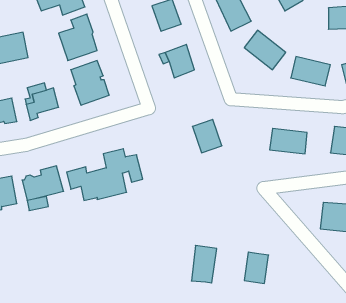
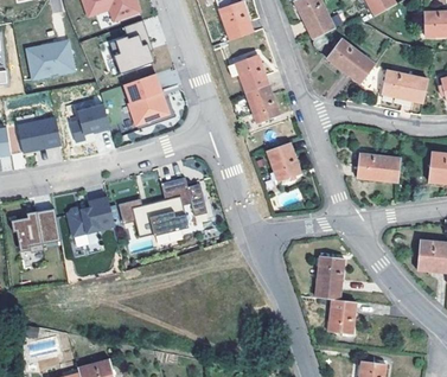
building: none -> [244,84,279,122]
building: [191,245,217,283] -> [314,255,344,299]

